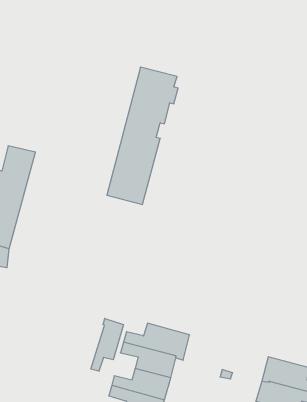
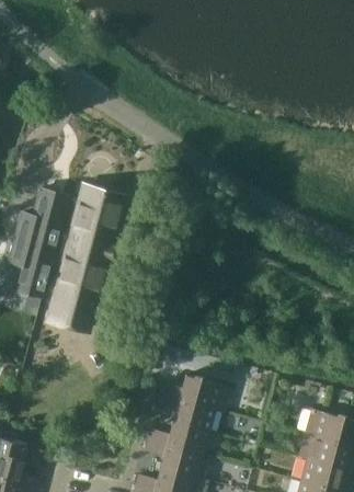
building: [107,67,178,205] -> [46,187,121,331]
building: [91,318,124,371] -> none

